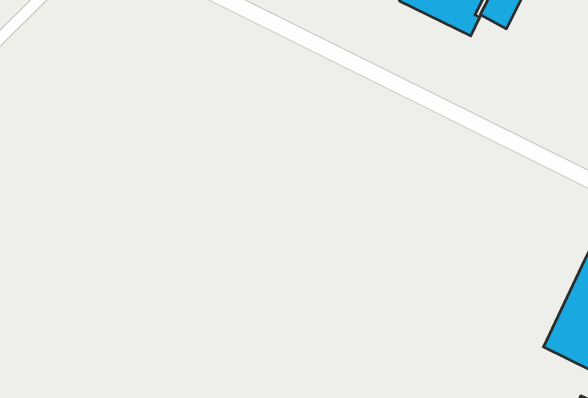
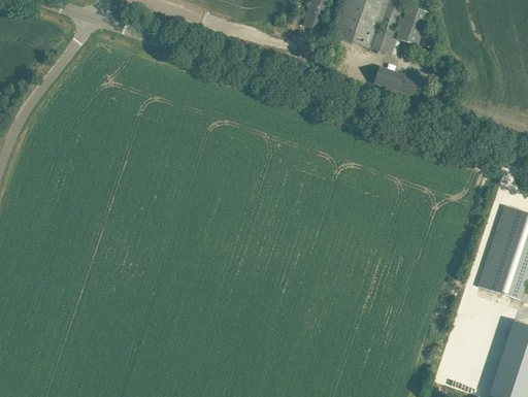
building: none -> [373,66,424,98]

